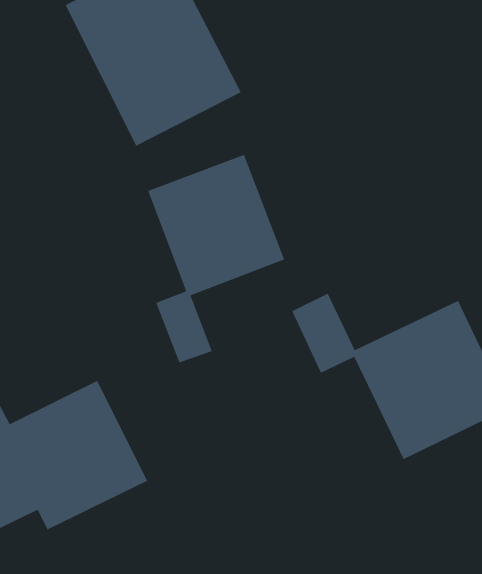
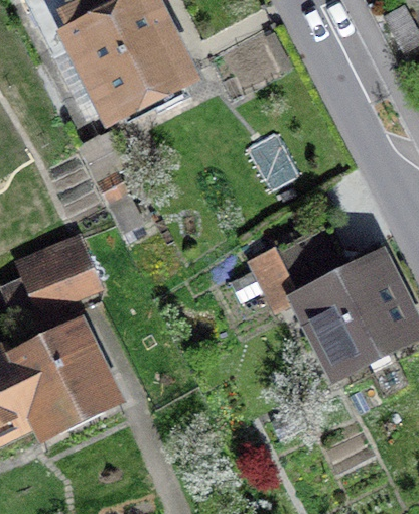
building: [147,154,285,364] -> none
building: none -> [14,236,96,307]

